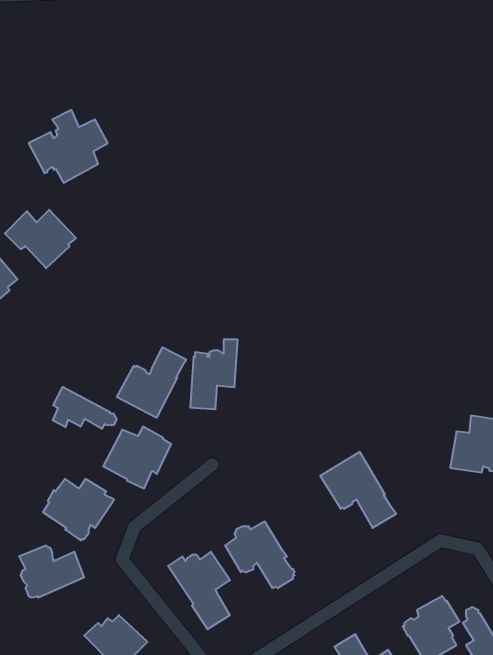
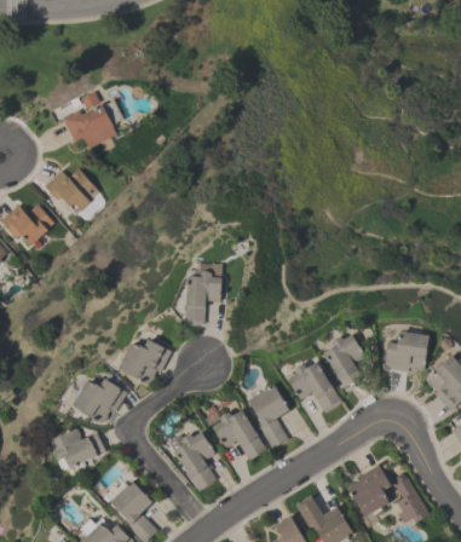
building: [117,347,186,418] -> none
building: [53,387,116,429] -> none
building: none -> [323,331,365,387]
building: none -> [248,382,289,448]

